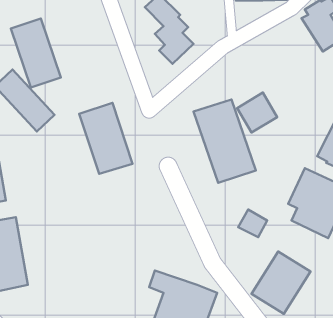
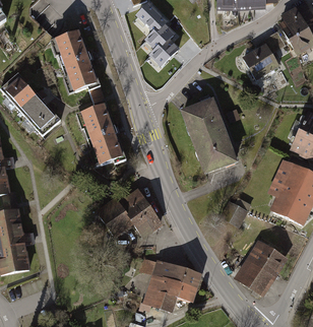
building: [11,18,61,87] -> [53,29,99,92]
building: [237,93,277,133] -> [244,43,280,79]
building: none -> [92,183,166,238]

